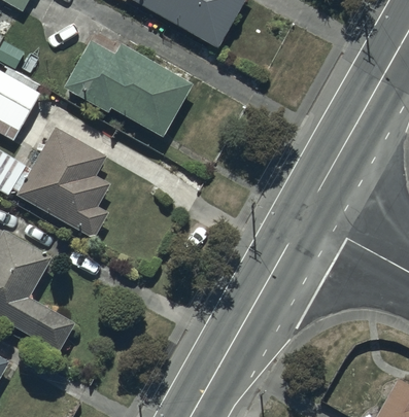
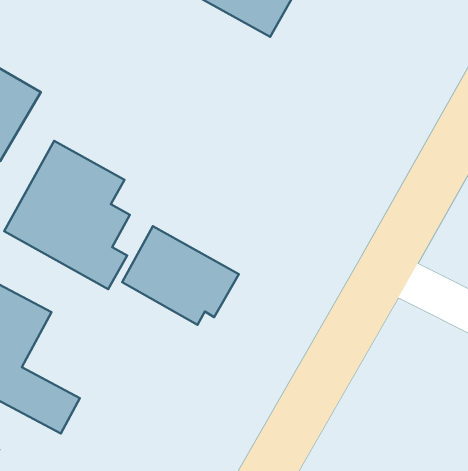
building: [62,39,194,137] -> none
building: none -> [122,226,239,325]

